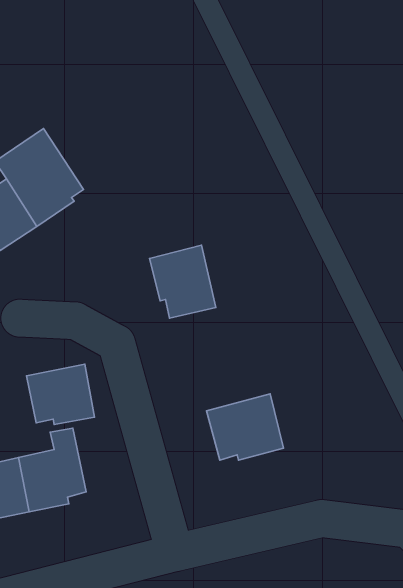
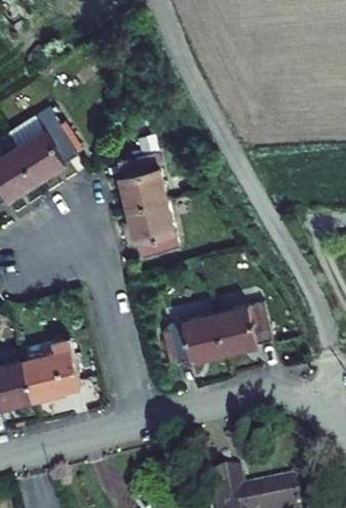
building: none -> [118,152,165,209]
building: [26,364,94,425] -> none
building: none -> [218,302,271,354]

